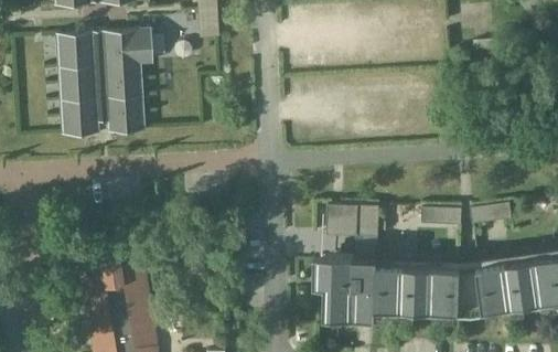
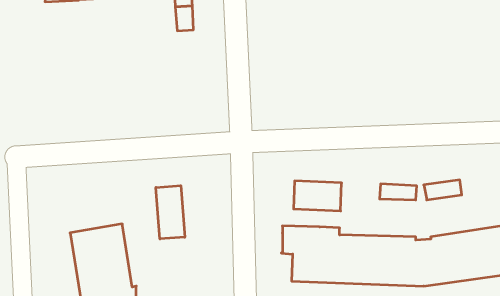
building: [56,30,153,137] -> none
building: none -> [156,186,185,239]

